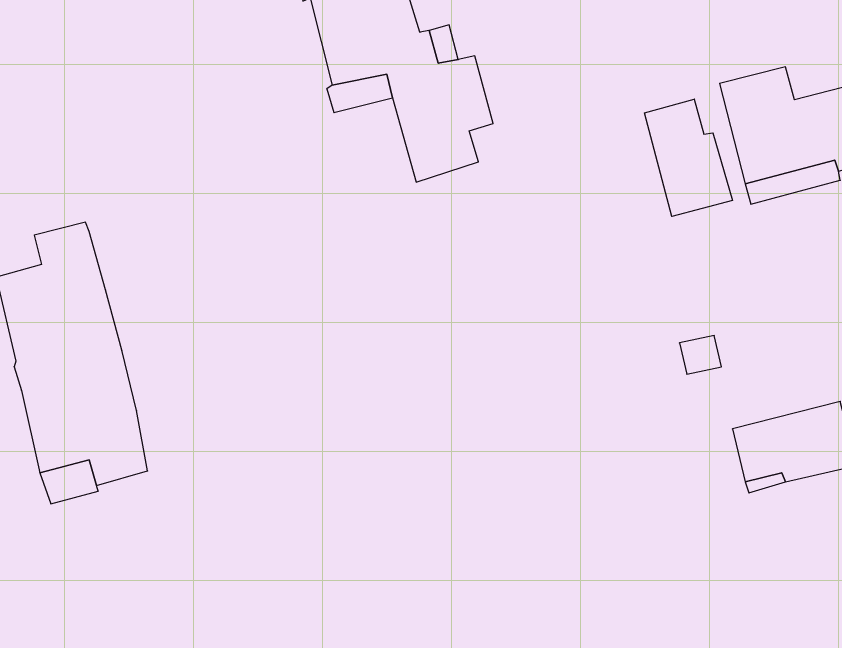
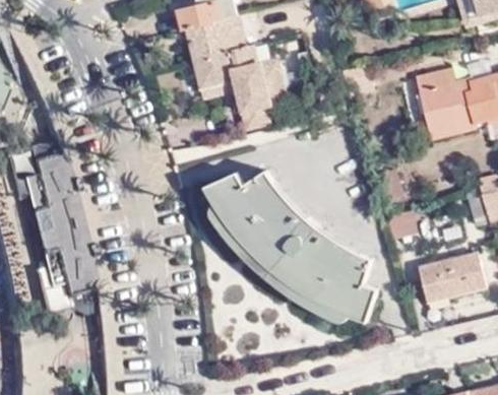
building: [644,99,732,216] -> none
building: none -> [204,182,380,324]

